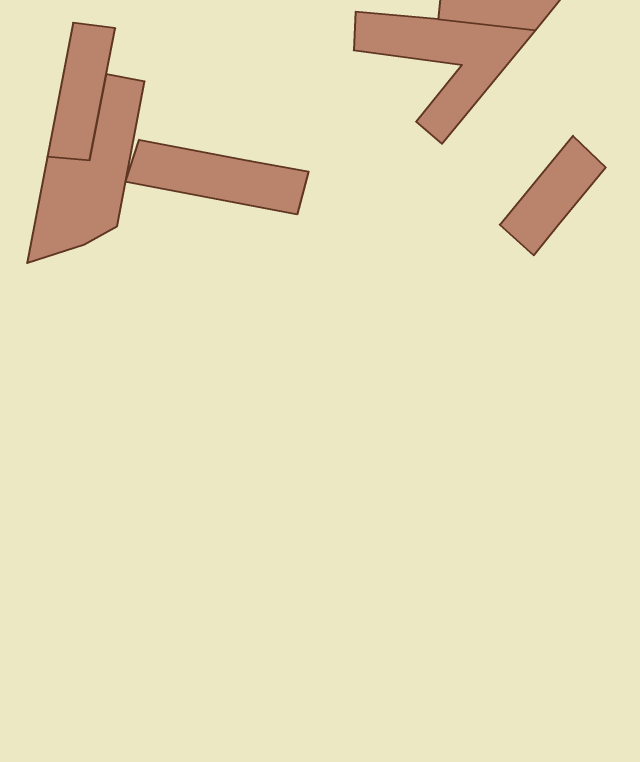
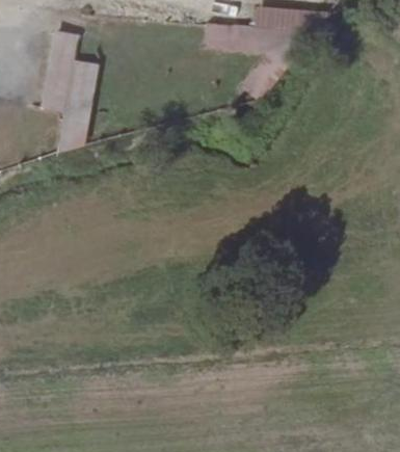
building: [500,136,606,255] -> none
building: [126,140,309,214] -> none

